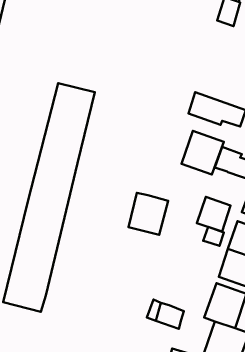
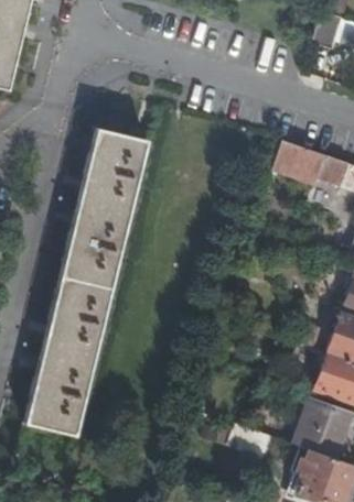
building: [181,131,224,174] -> none
building: [128,193,168,235] -> none
building: [197,197,231,232] -> none

